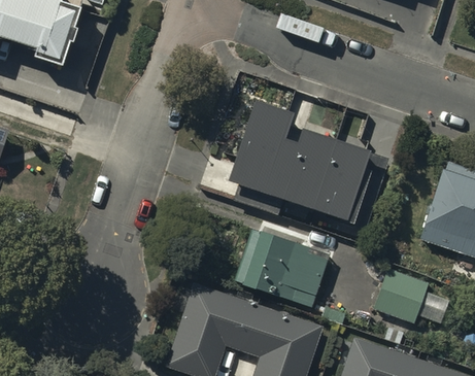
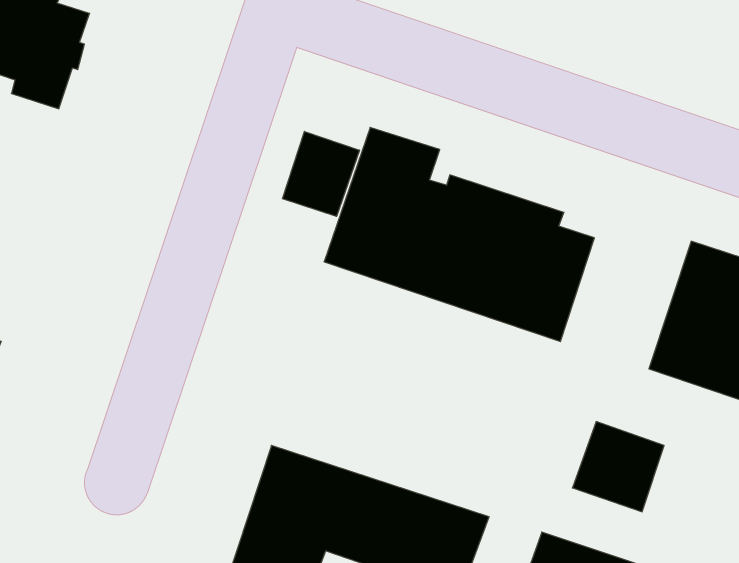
building: none -> [283,131,359,216]
building: [233,226,332,307] -> none

